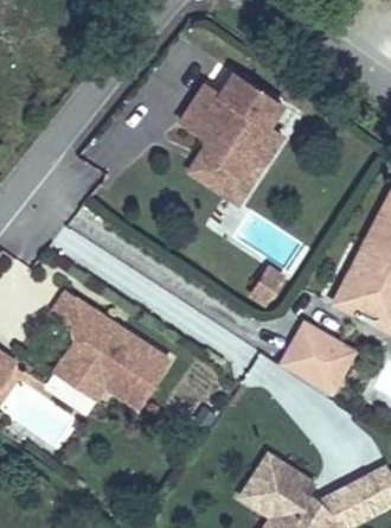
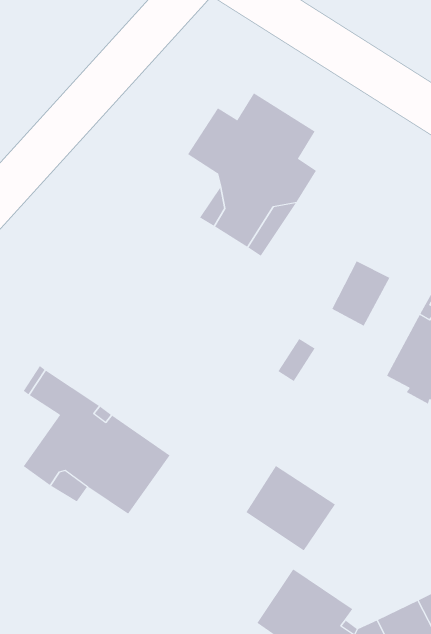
building: none -> [332,260,390,326]
building: [281,325,352,393] -> [245,465,336,551]

